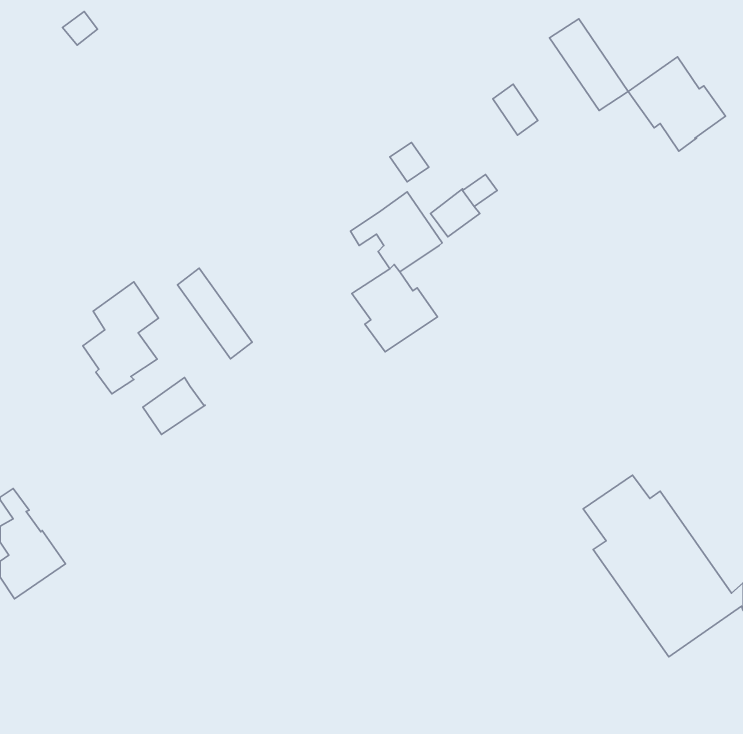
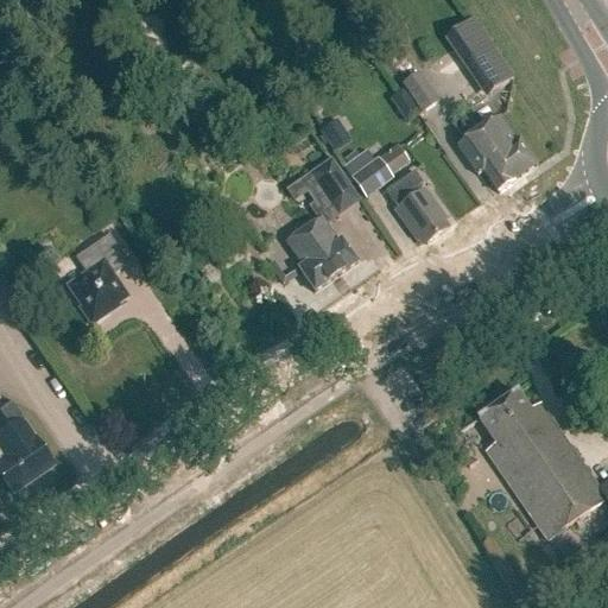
building: [628,57,725,151] -> [457,113,537,190]
building: none -> [386,167,445,240]
building: [177,268,252,359] -> none
building: [143,377,205,435] -> none

